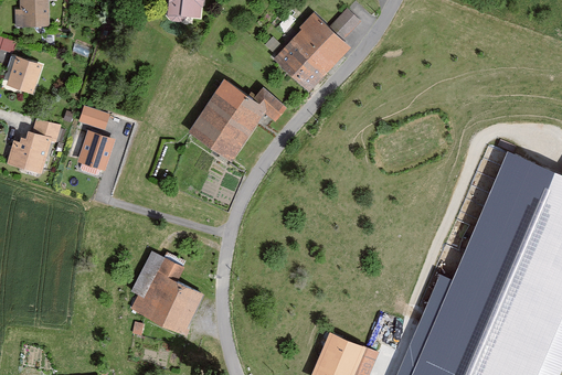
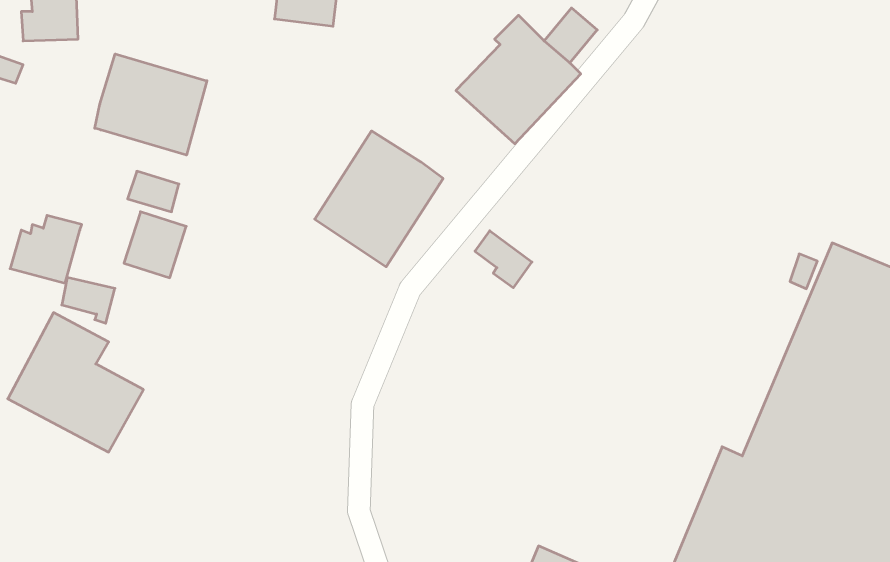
building: none -> [95,54,207,155]
building: [8,58,42,95] -> none
building: [256,89,290,124] -> [475,231,532,288]
building: [31,117,63,144] -> [62,277,115,323]
building: [125,250,206,334] -> [8,313,143,452]

